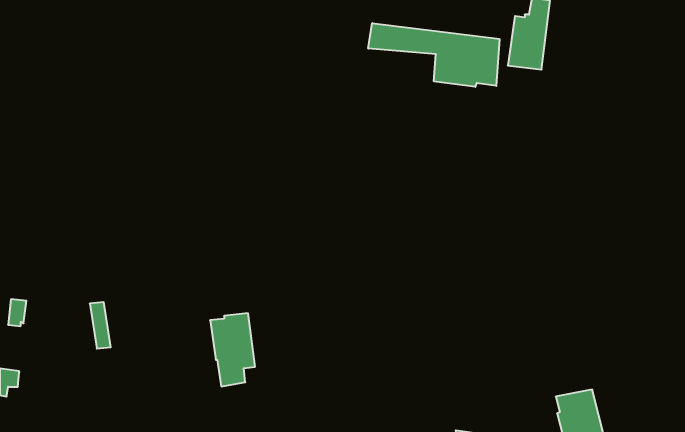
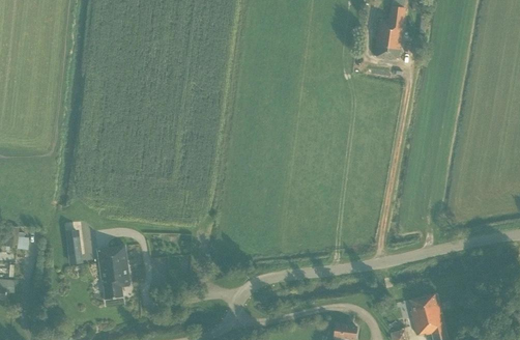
building: [368,23,499,87] -> none
building: [210,313,255,386] -> [97,245,131,299]

